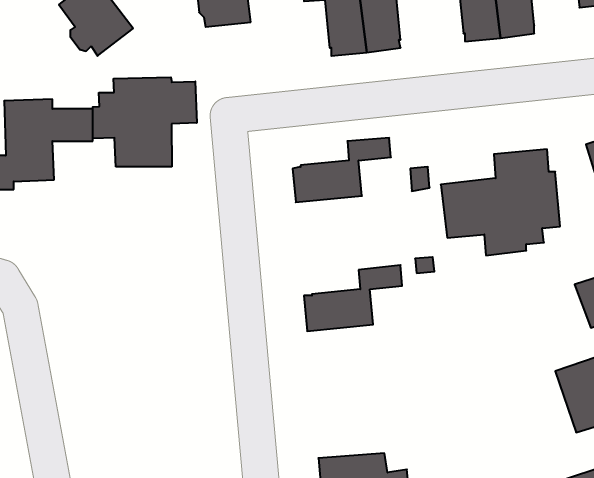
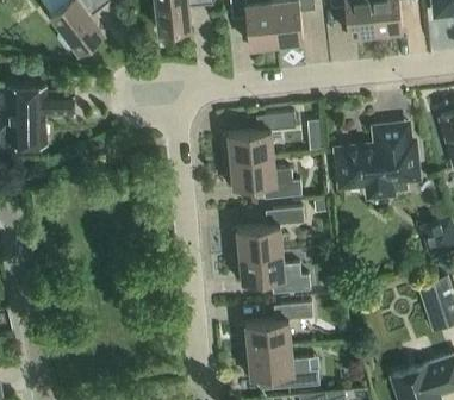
building: [93,77,197,167] -> none
building: none -> [225,156,301,199]
building: none -> [234,251,311,293]
building: none -> [240,302,313,350]

